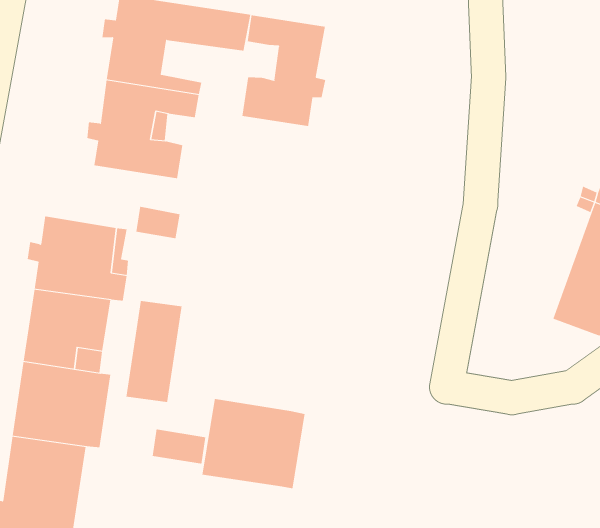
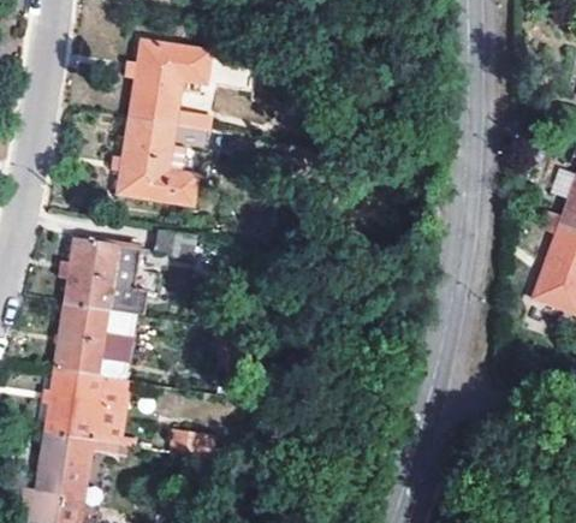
building: [242,15,326,127] -> none
building: [126,300,182,403] -> none
building: [202,398,305,489] -> none

